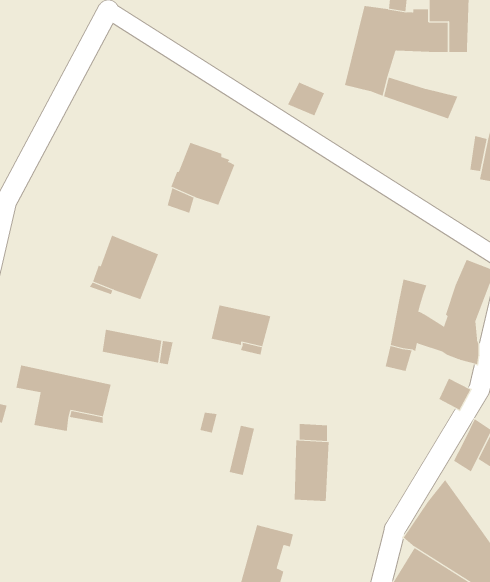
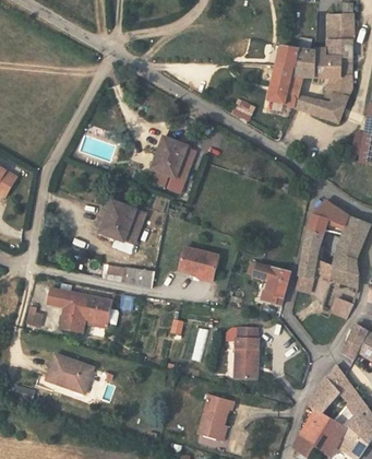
building: none -> [322,78,351,107]
building: none -> [307,200,349,234]
building: none -> [252,262,289,304]
building: none -> [46,354,92,392]

